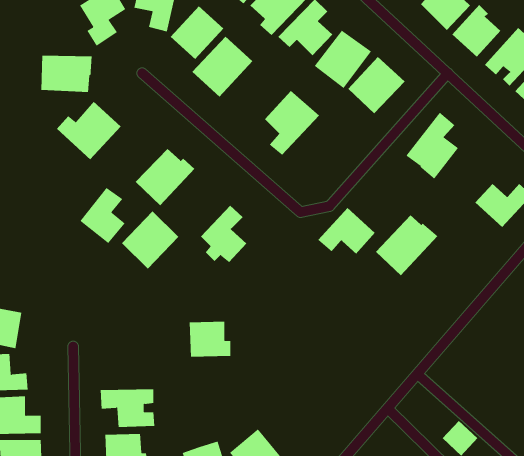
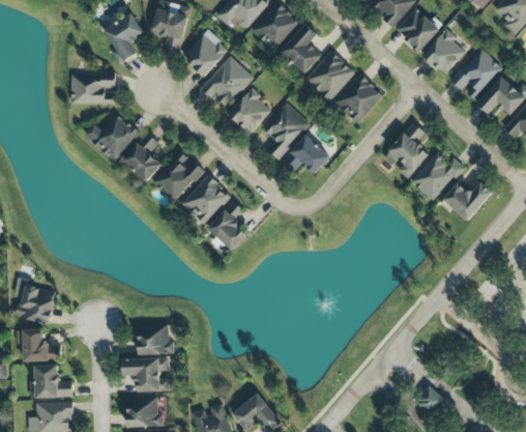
building: none -> [229,89,272,134]
building: [80,187,126,244] -> [123,133,163,181]
building: [317,207,375,254] -> [281,135,330,175]
building: [121,210,179,270] -> [182,174,232,225]
building: [375,215,438,276] -> [411,148,465,201]
building: [189,321,231,357] -> [138,324,174,355]

